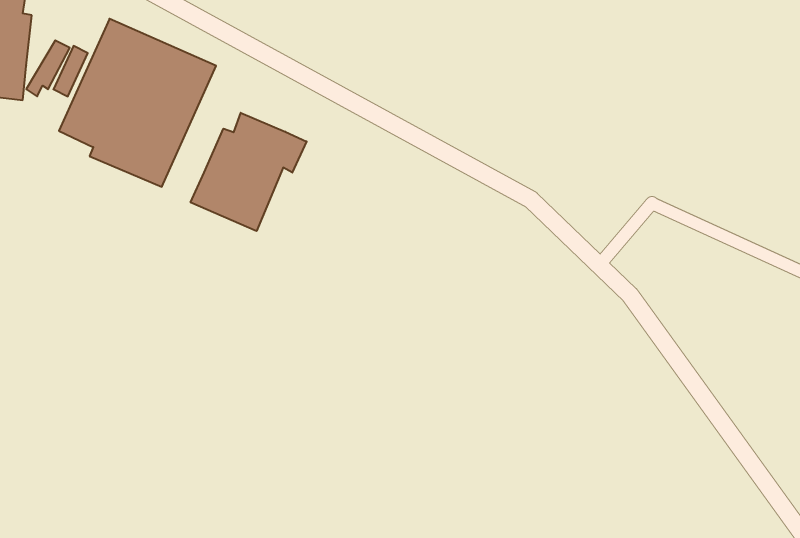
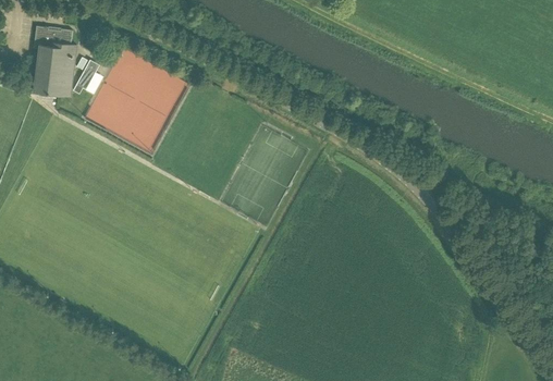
building: [191,113,307,231] -> none

